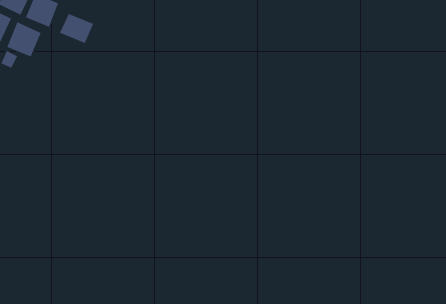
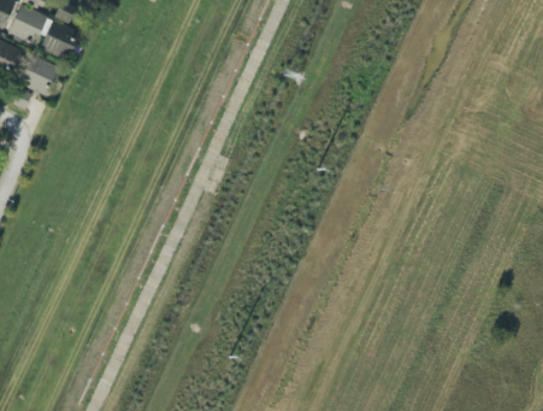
building: [59,13,94,44] -> none

